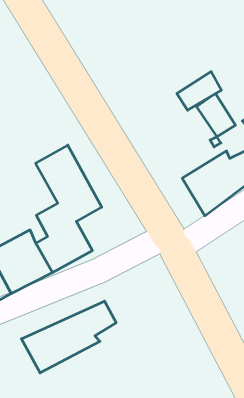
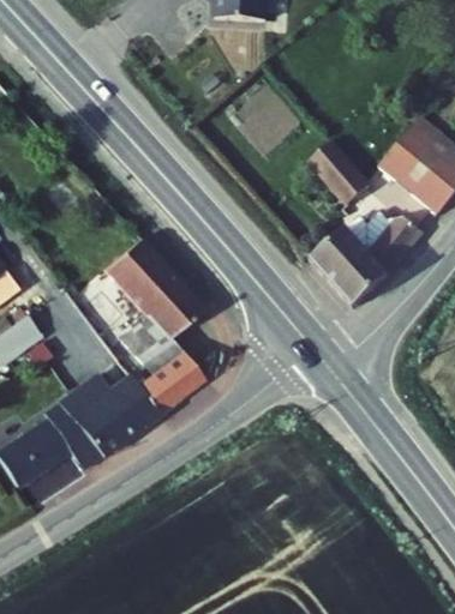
building: [177,72,221,110] -> none
building: [21,301,116,373] -> none

